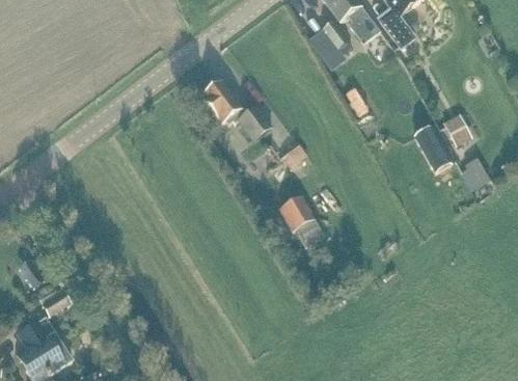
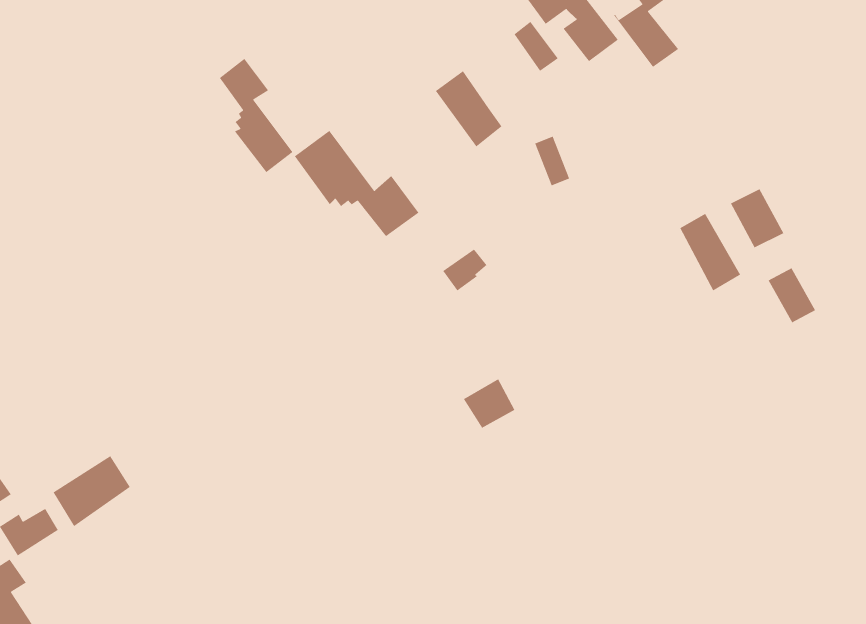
building: [306,27,344,70] -> [435,70,502,147]
building: none -> [219,58,293,173]
building: [277,193,315,230] -> none
building: none -> [52,455,131,527]

